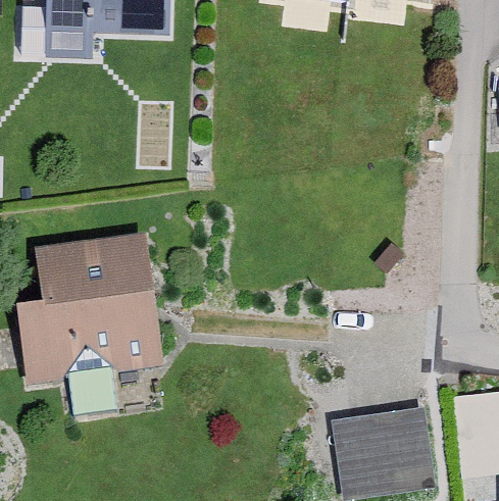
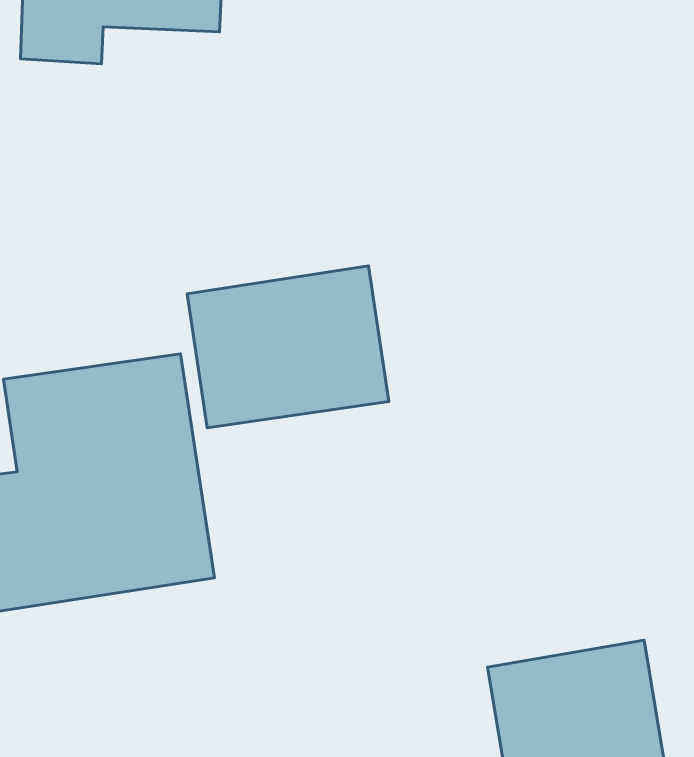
building: none -> [187,266,389,428]

